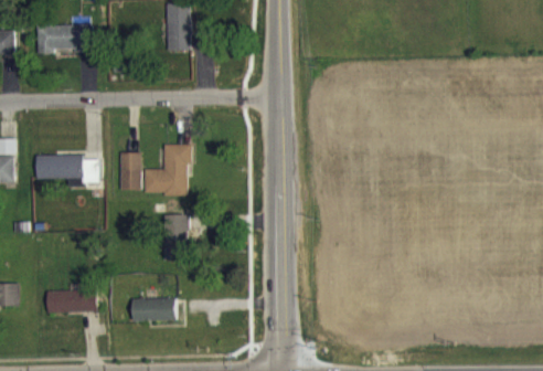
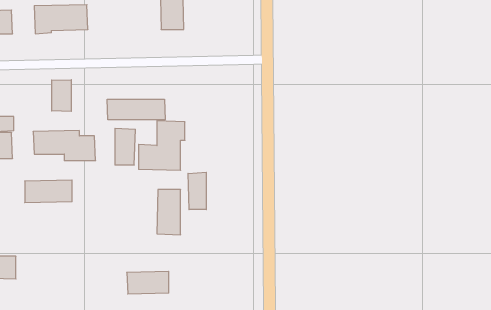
building: none -> [52,80,71,111]
building: none -> [107,99,165,120]
building: none -> [188,172,206,210]
building: [46,289,95,312] -> [25,180,72,203]

